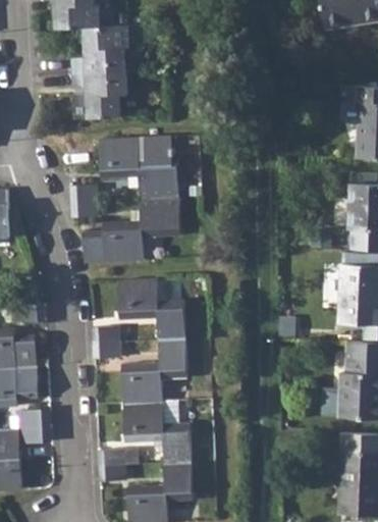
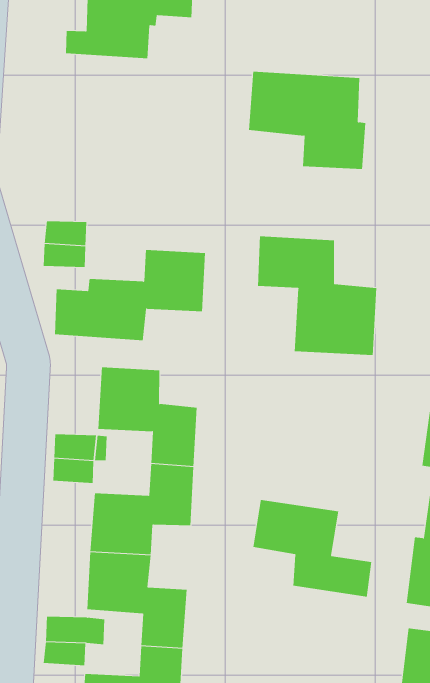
building: [70,70,128,118] -> none
building: [99,135,179,198] -> [248,71,366,170]
building: none -> [258,236,377,356]
building: none -> [253,499,372,597]

